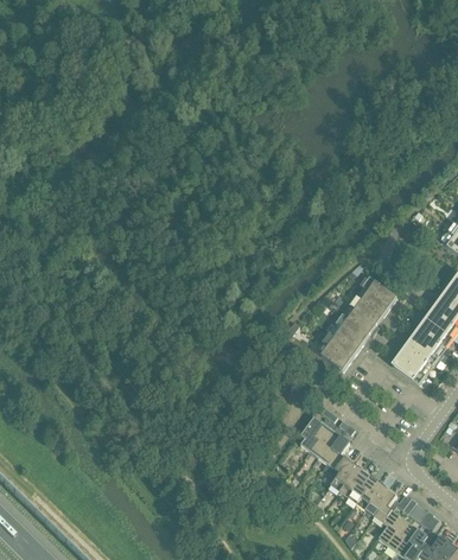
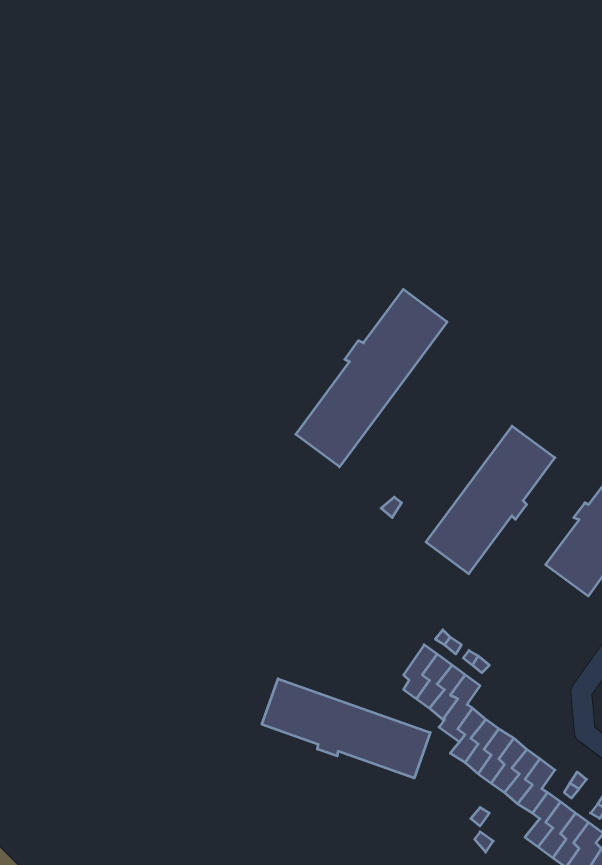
building: none -> [296,289,447,467]
building: none -> [262,679,430,778]

